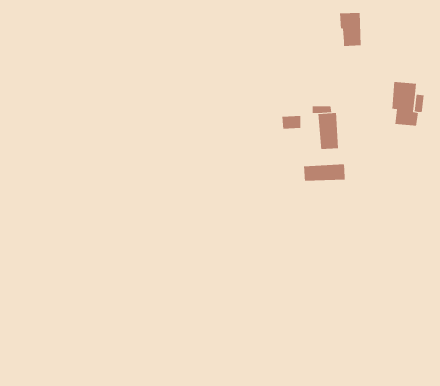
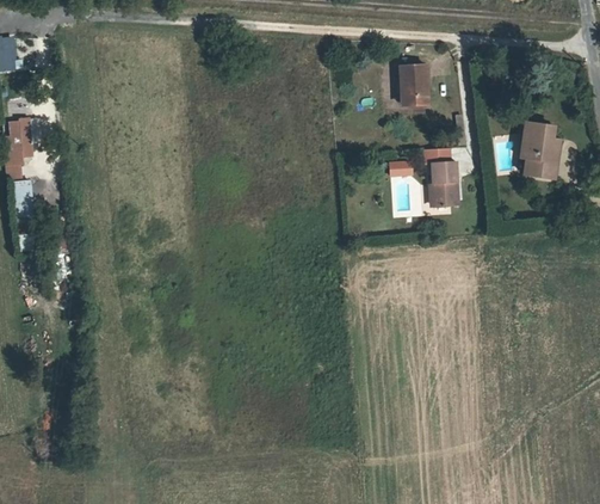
building: [339,12,361,46] -> [402,64,429,106]
building: [303,164,345,182] -> none

